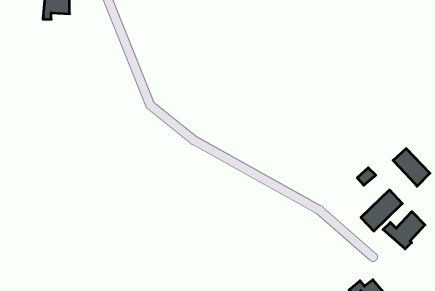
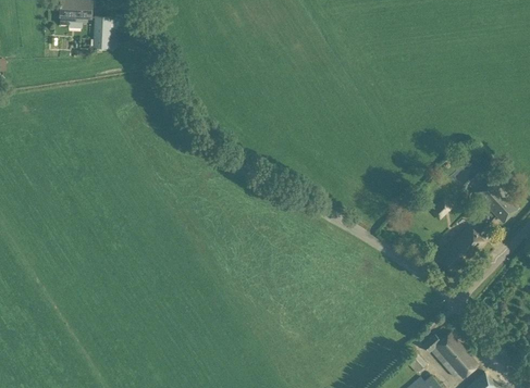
building: none -> [94,15,111,47]
building: [383,212,425,249] -> none

